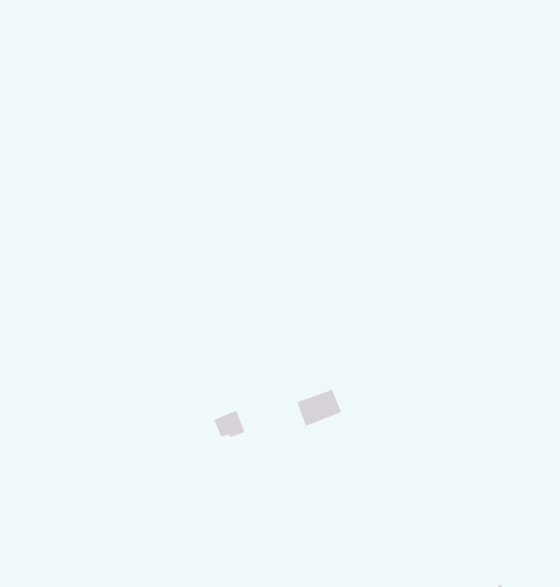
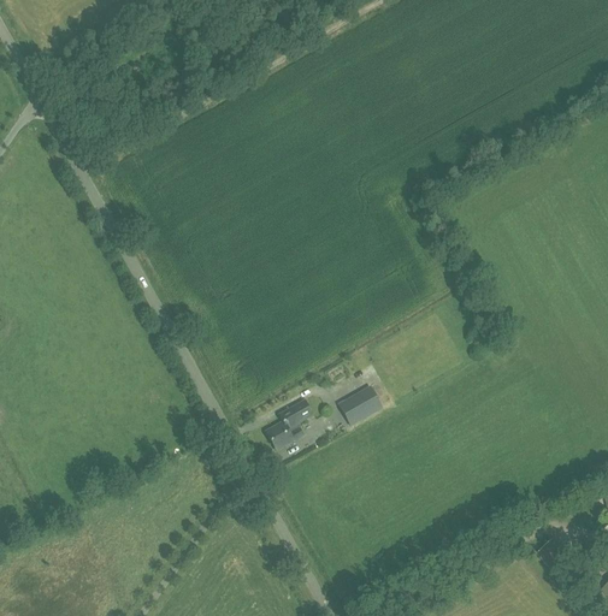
building: none -> [281,398,314,437]

